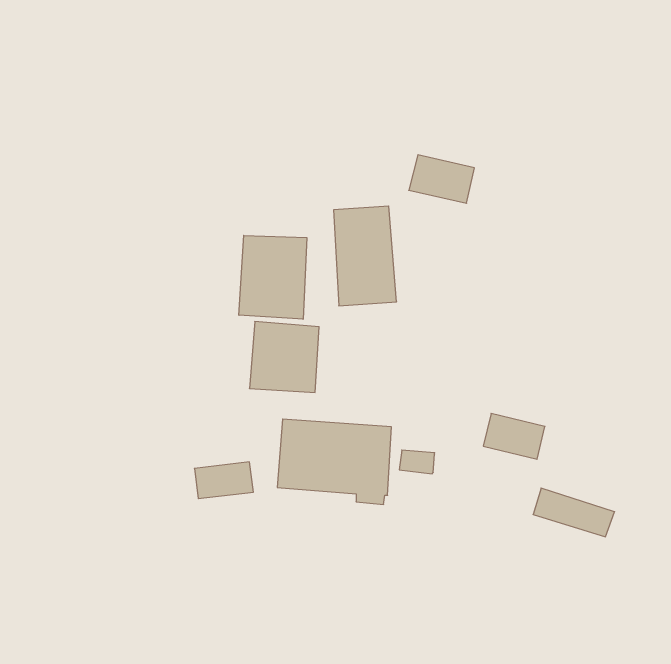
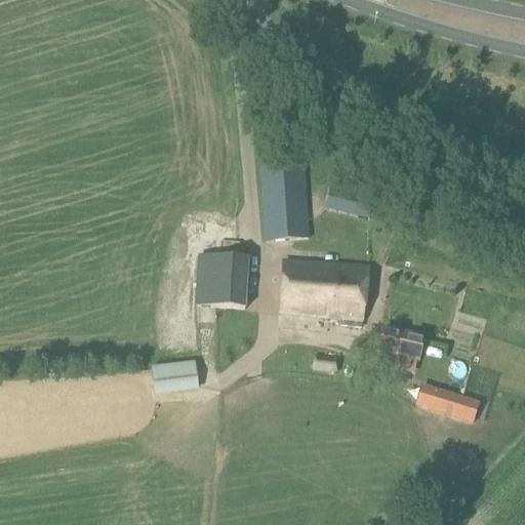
building: [409,155,474,203] -> [325,179,376,217]
building: [239,235,307,319] -> none
building: [277,419,391,504] -> [279,258,368,325]

